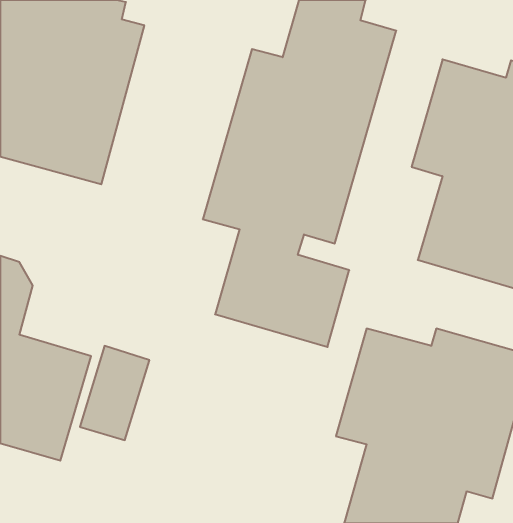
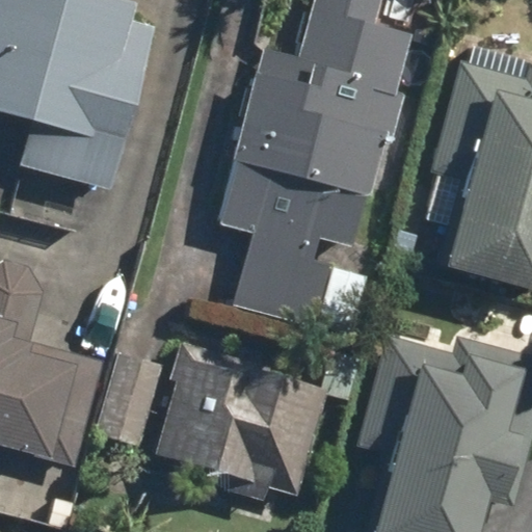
building: none -> [155,342,322,500]

